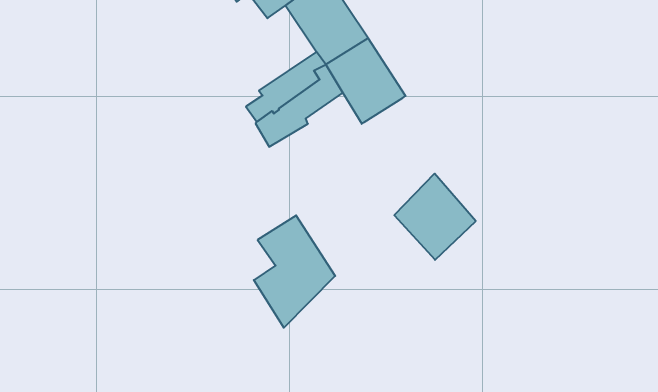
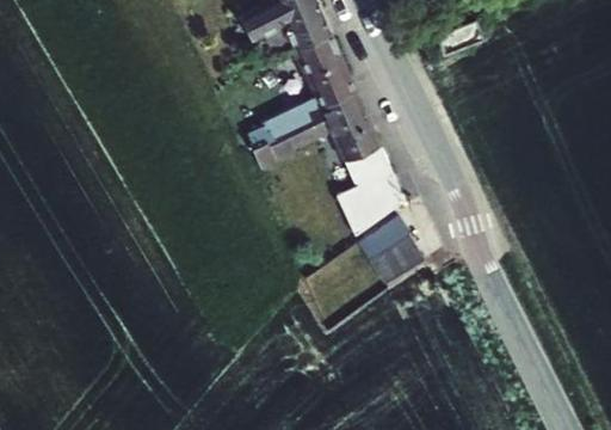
building: [254,215,335,328] -> [334,145,403,238]

